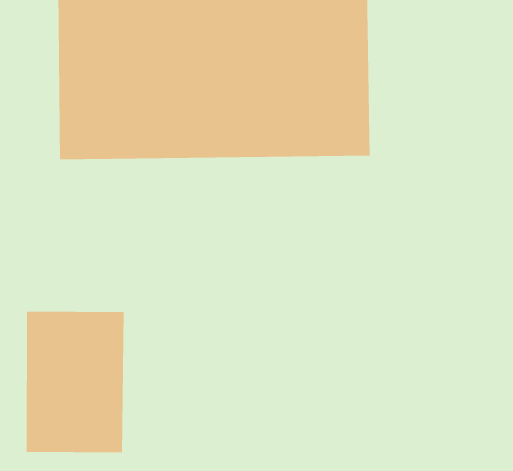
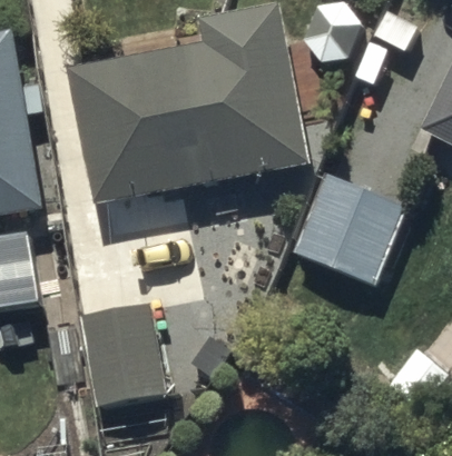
building: none -> [292,174,407,286]

